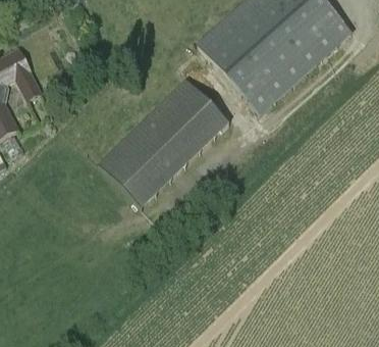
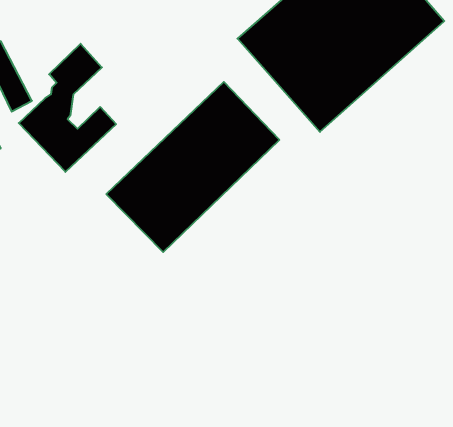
building: none -> [19,44,116,172]

